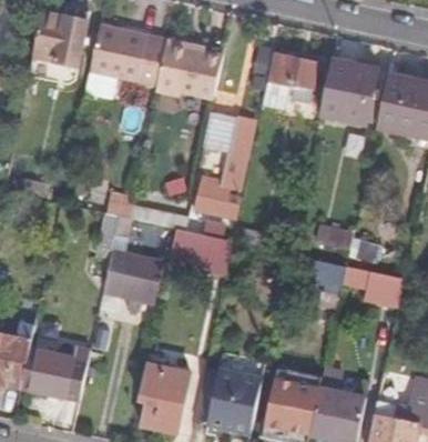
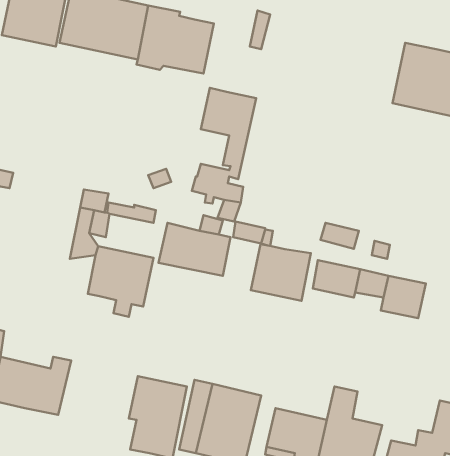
building: [267,56,320,110] -> none
building: [316,58,373,121] -> none
building: none -> [251,244,311,301]

